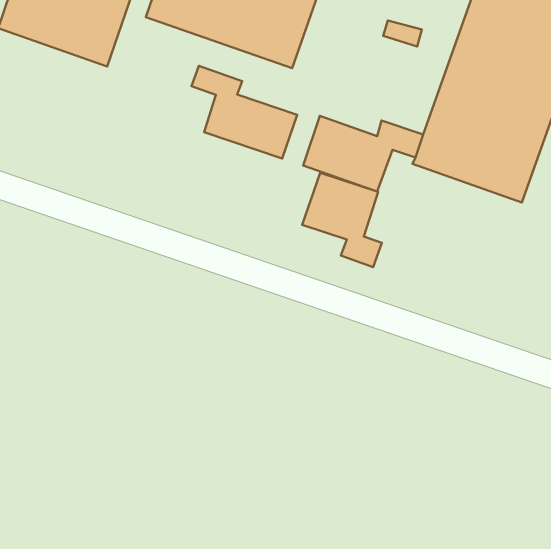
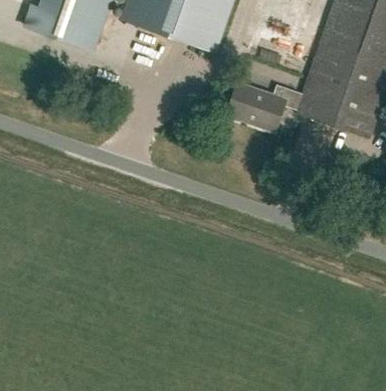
building: [192,66,297,158] -> none
building: [302,173,382,267] -> none

